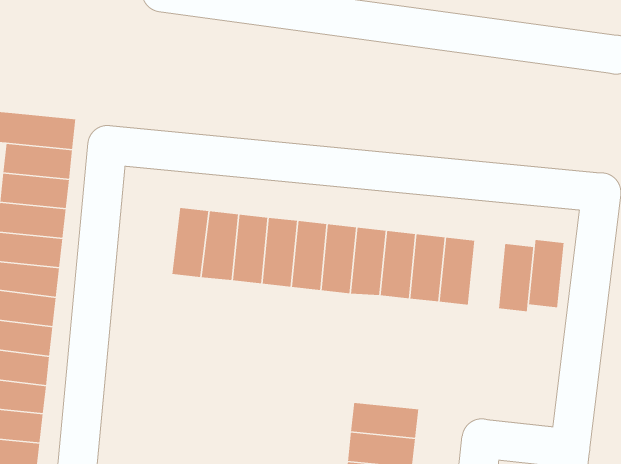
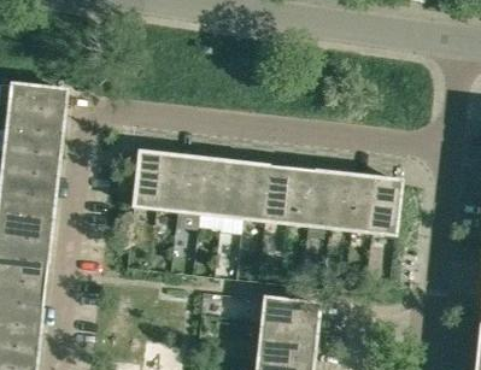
building: [528,239,564,308] -> [352,178,379,229]

